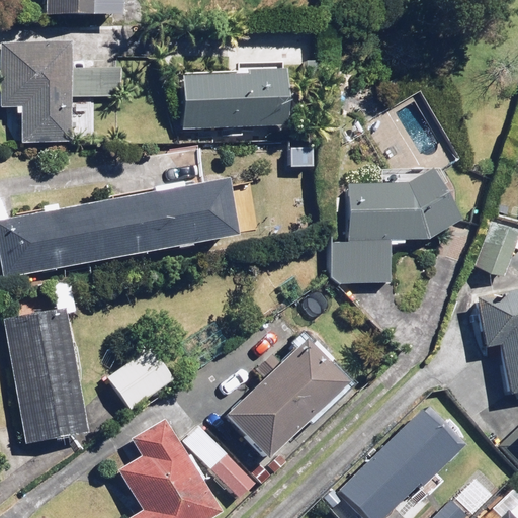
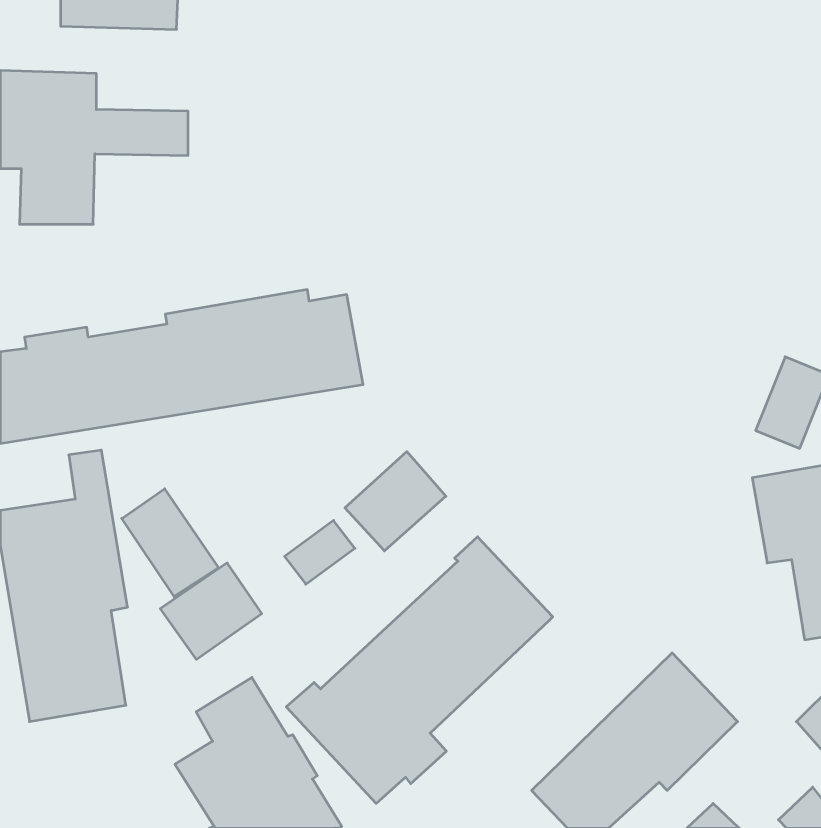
building: [179,67,283,128] -> none
building: [332,171,458,283] -> none
building: none -> [345,452,446,551]
building: none -> [122,489,219,597]

